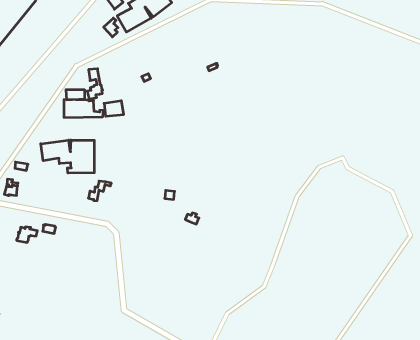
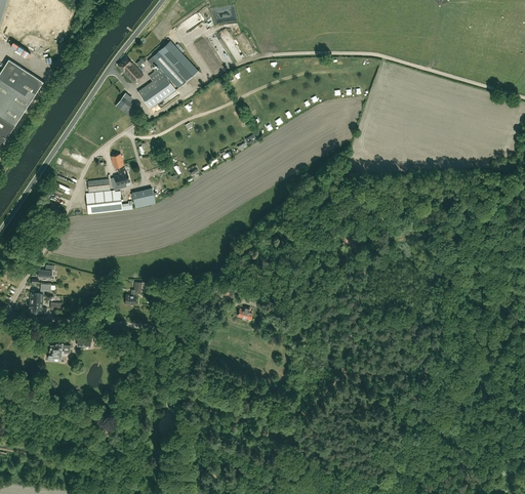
building: [41,140,94,173] -> none

